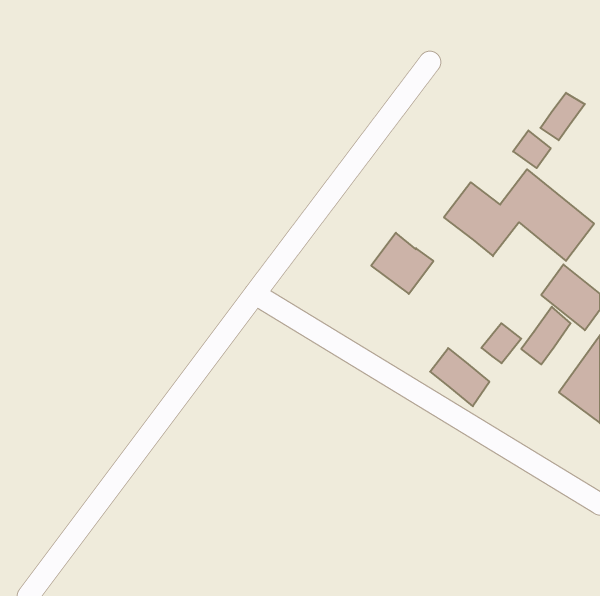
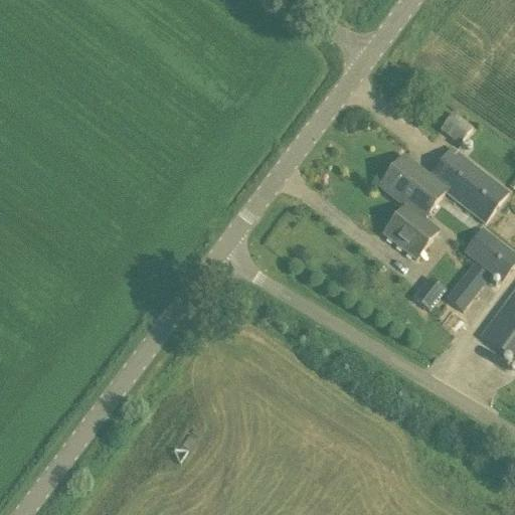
building: [540,93,585,140] -> none
building: [371,233,433,294] -> [384,205,438,258]
building: [430,348,489,406] -> none

